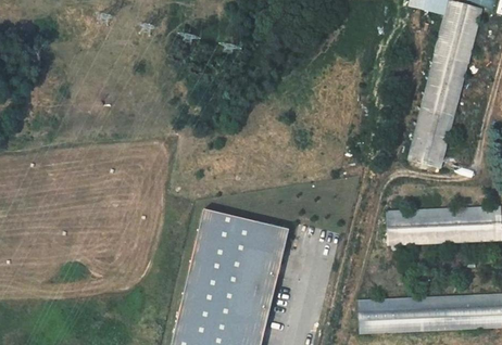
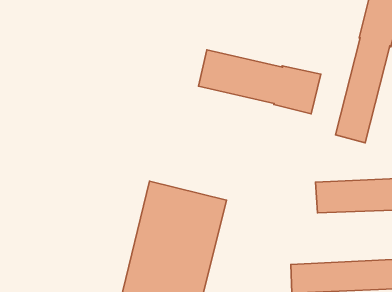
building: none -> [199,50,321,114]

